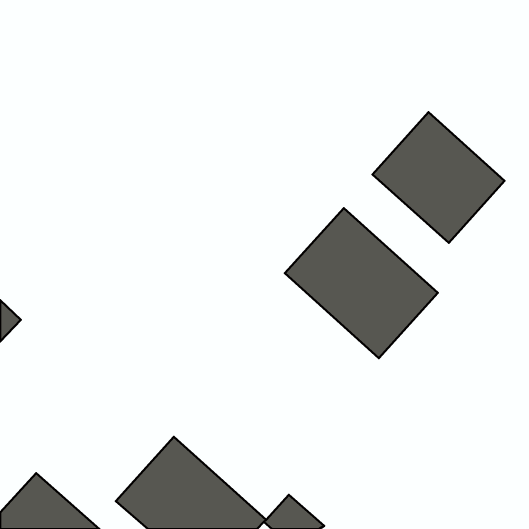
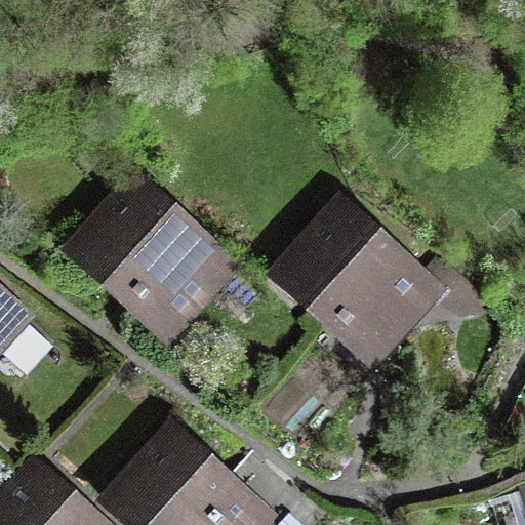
building: [373,112,505,243] -> none
building: none -> [79,183,228,328]

